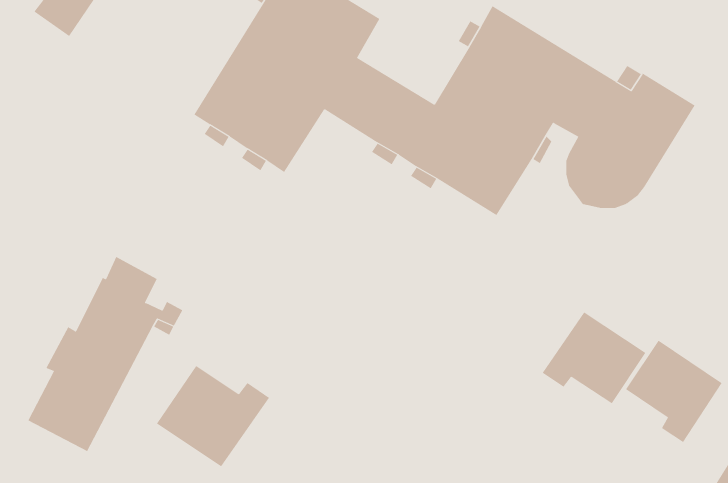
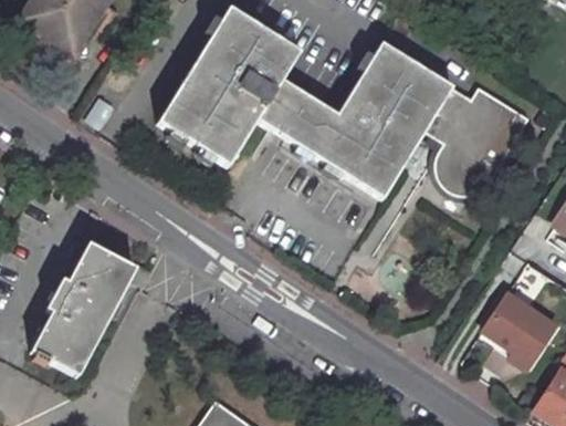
building: [542,312,646,404] -> none
building: [156,365,270,467] -> none

